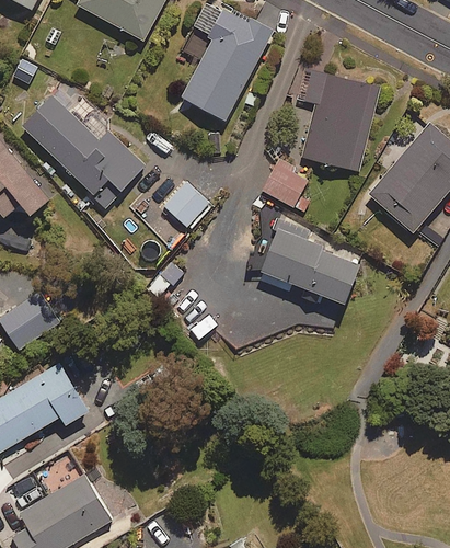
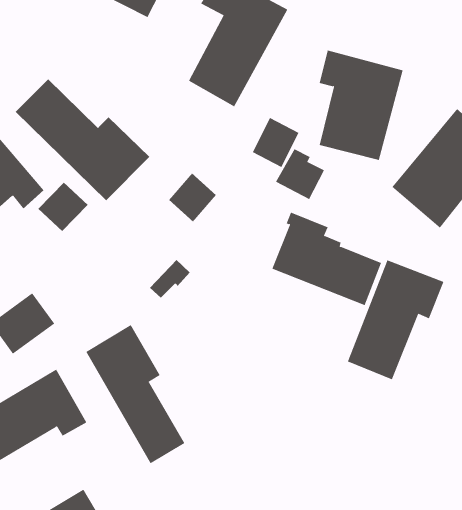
building: none -> [252,117,299,168]
building: none -> [38,182,89,232]
building: none -> [347,259,444,380]
building: none -> [86,324,185,464]

